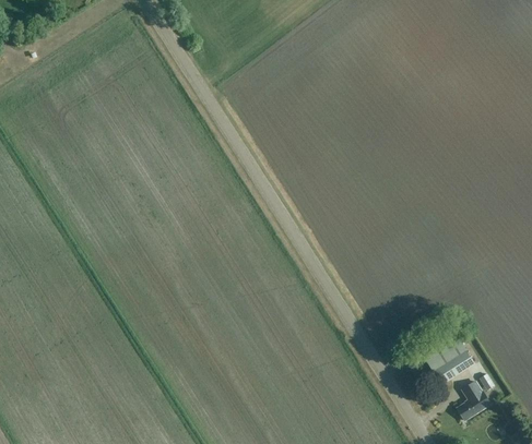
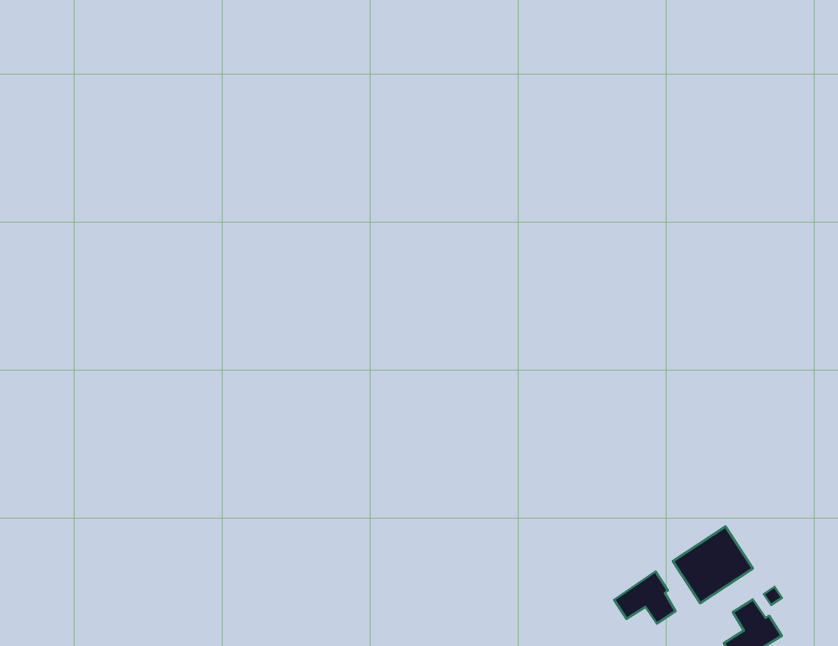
building: none -> [614,571,676,623]

